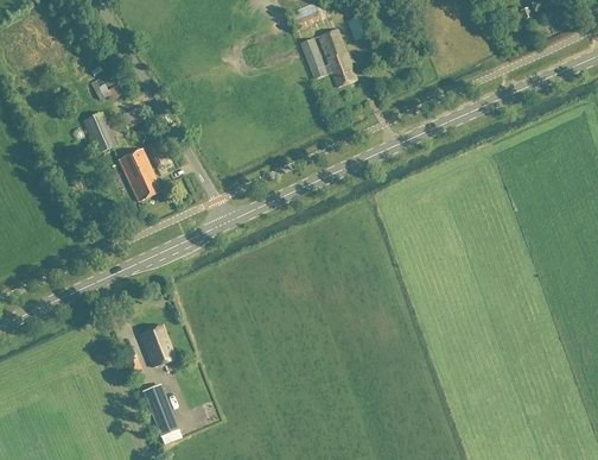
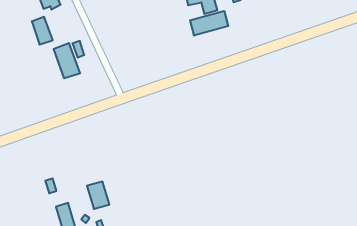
building: none -> [190,11,228,36]
building: [140,323,176,365] -> [87,182,109,209]

